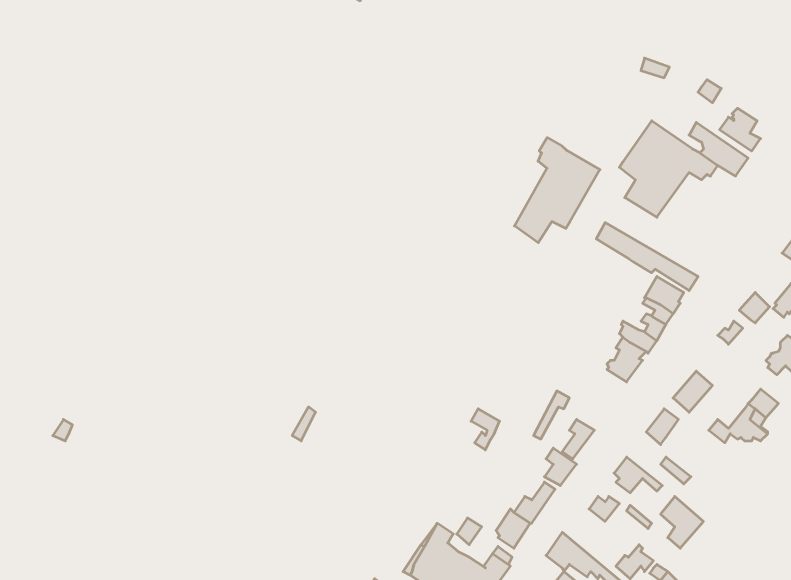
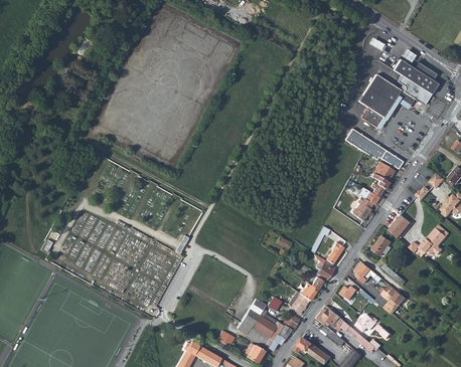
building: none -> [394,58,434,95]
building: [514,138,600,243] -> none

